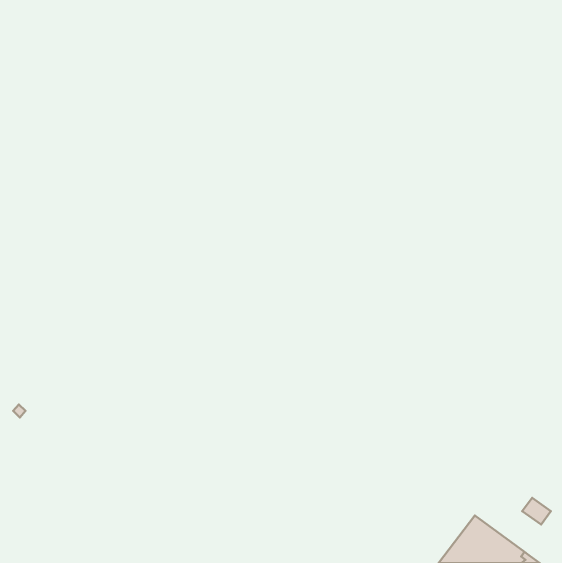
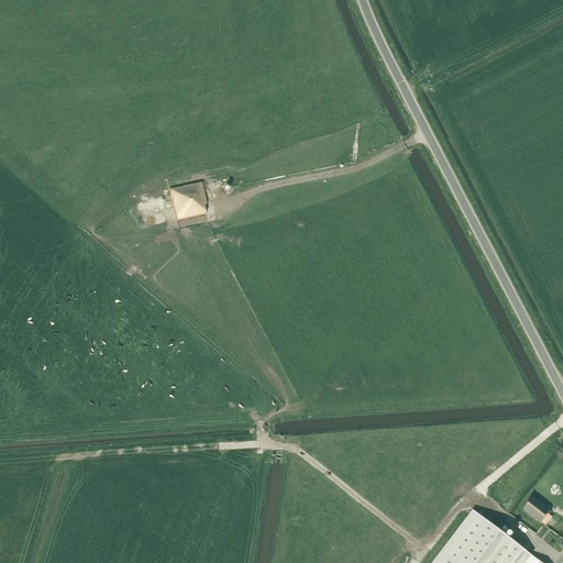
building: none -> [169,184,206,222]

